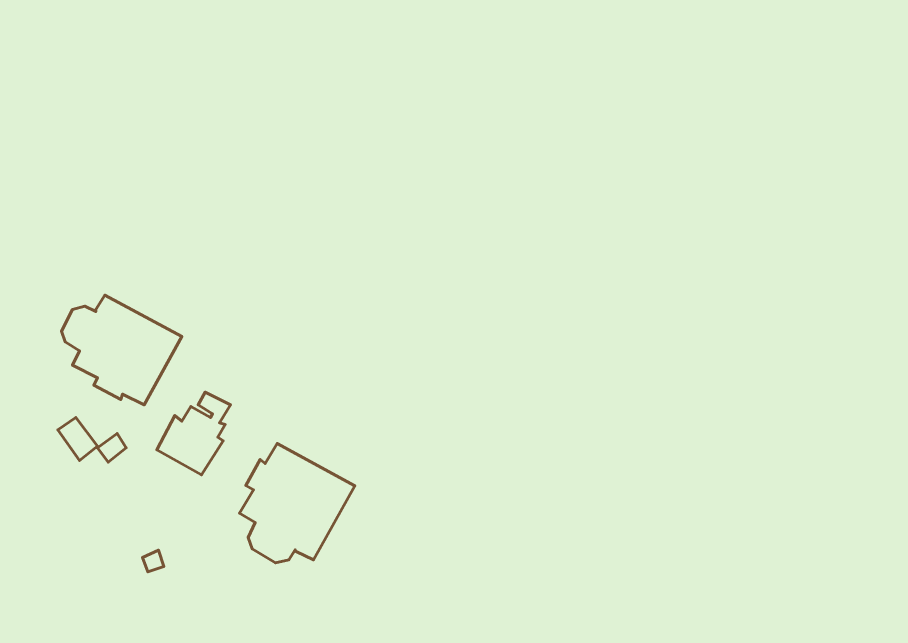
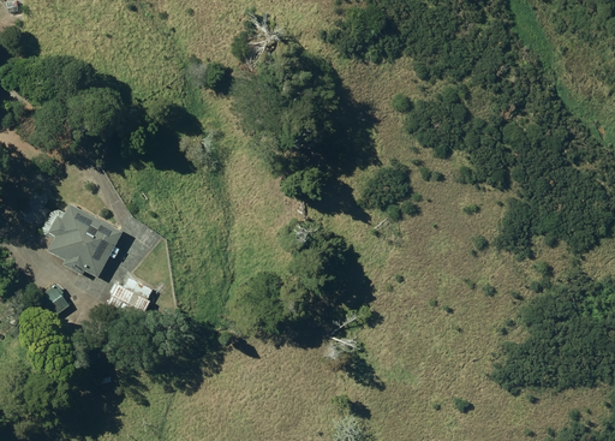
building: [239,444,355,563] -> none

